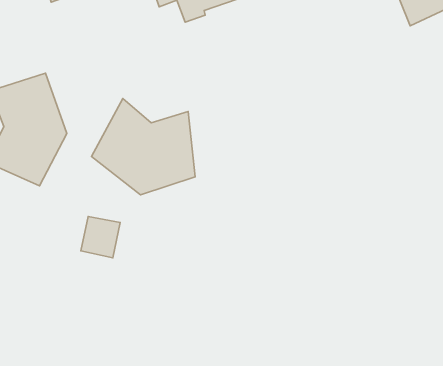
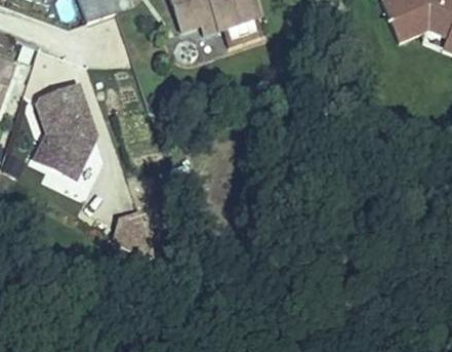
building: [92,98,195,195] -> none

